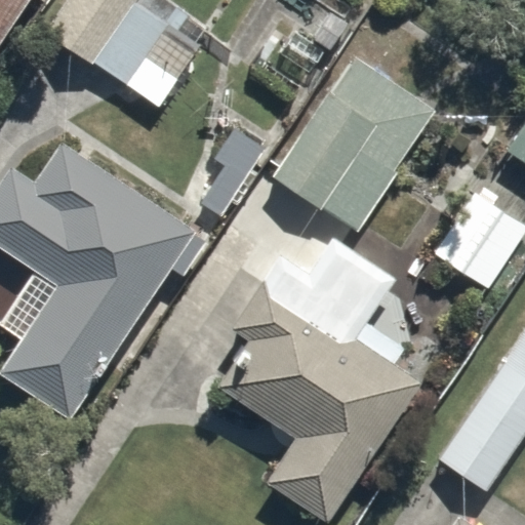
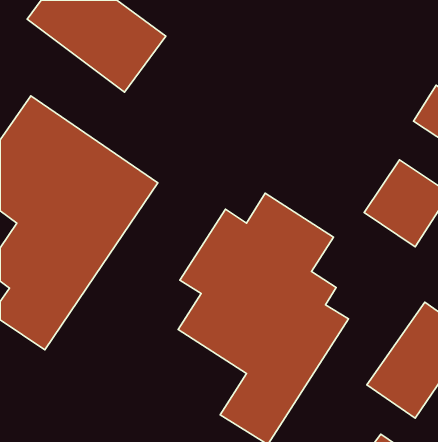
building: [265,46,443,237] -> none

